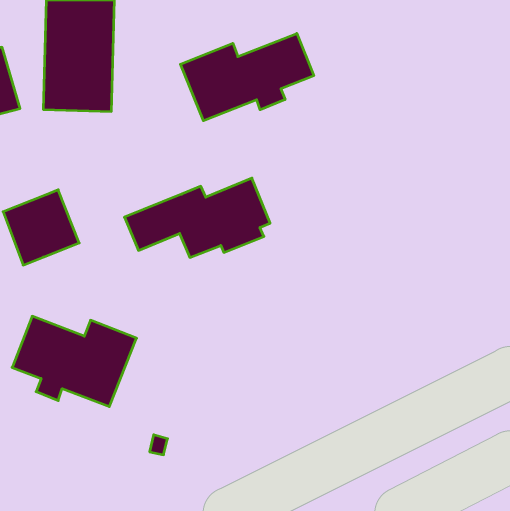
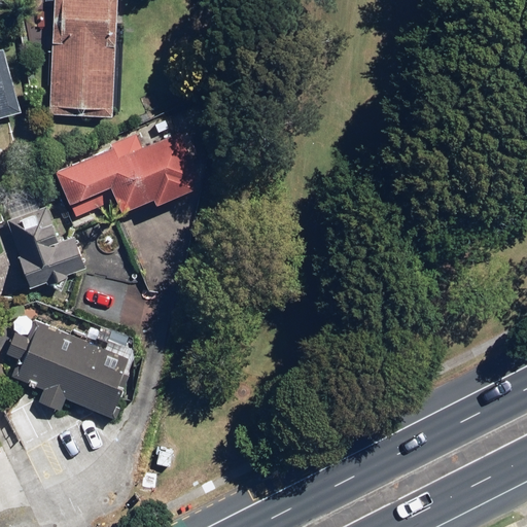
building: [180,33,314,121] -> none
building: [124,178,270,257] -> [51,131,201,212]

